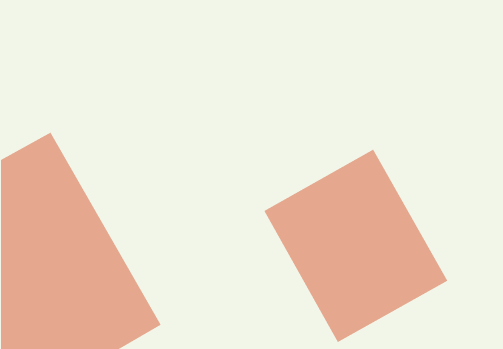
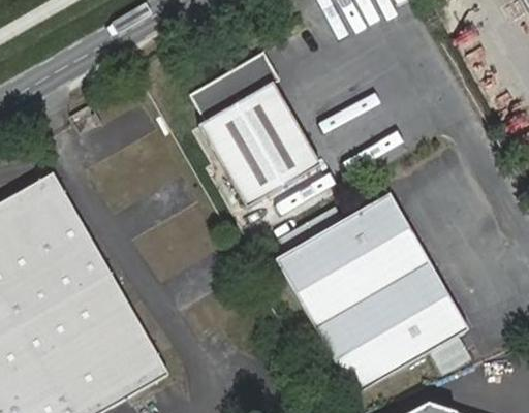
building: none -> [192,53,321,210]

